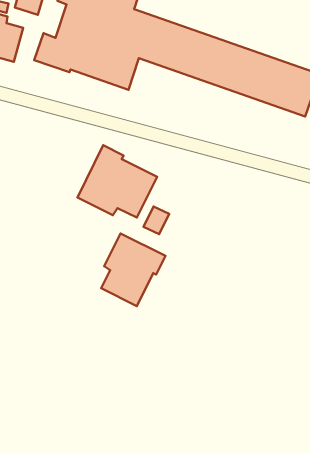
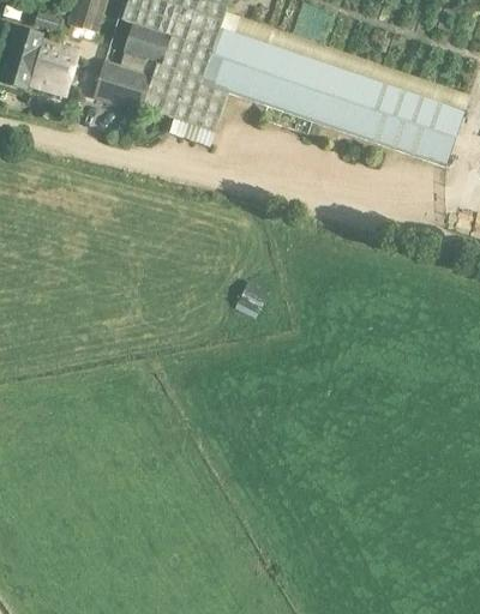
building: [77,145,157,218] -> none
building: [101,233,166,306] -> none

